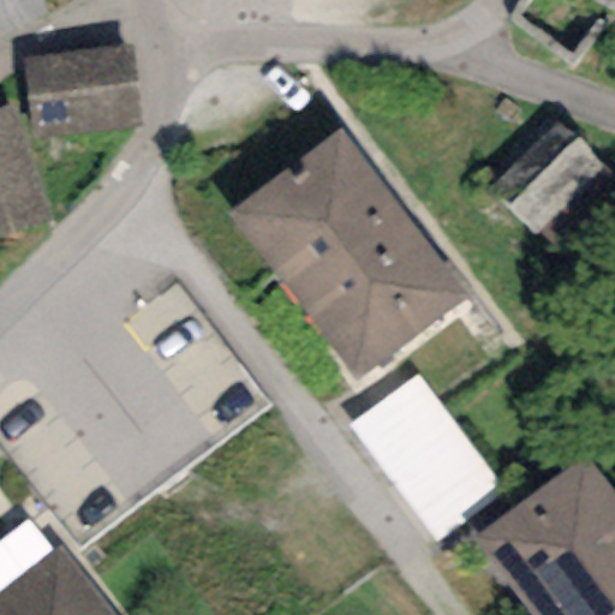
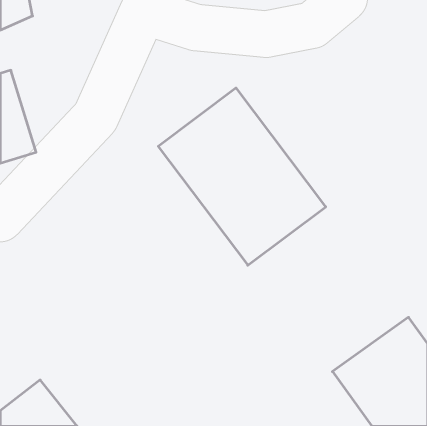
building: [25,44,143,138] -> none
building: [492,120,605,232] -> none
building: [347,372,504,539] -> none

